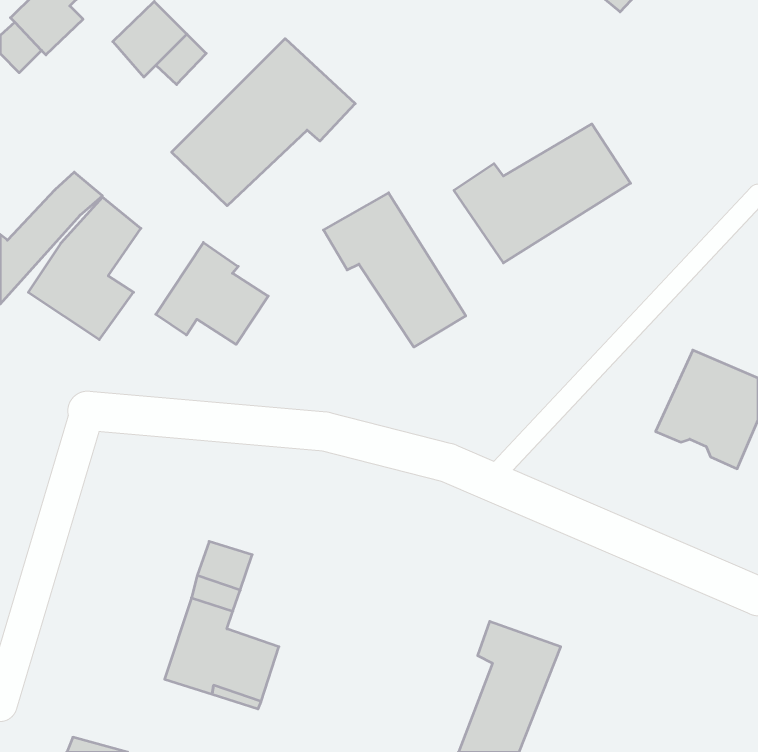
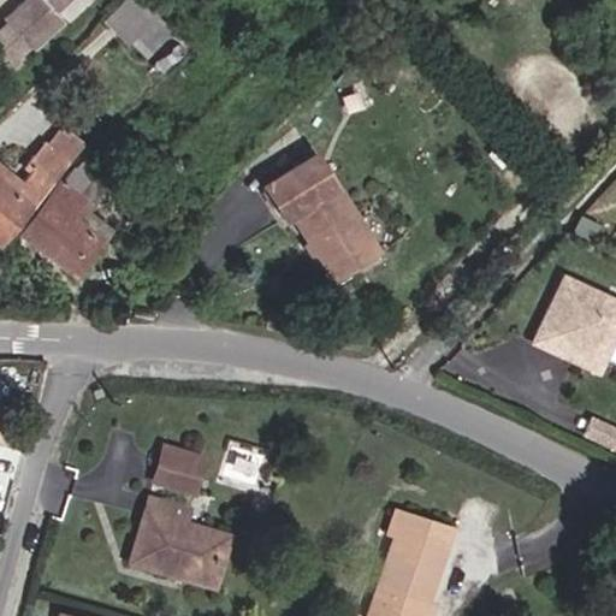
building: [172,39,355,206] -> none
building: [454,124,631,263] -> none
building: [156,242,268,344] -> none

